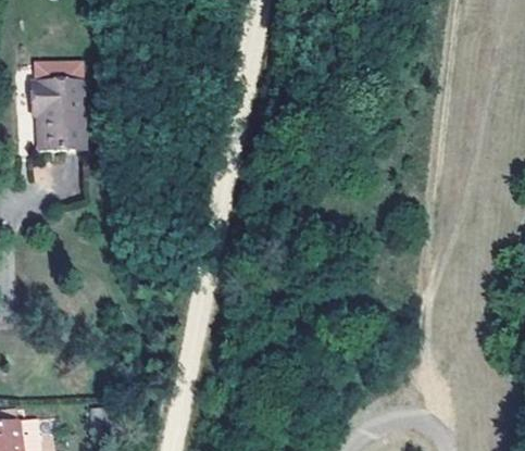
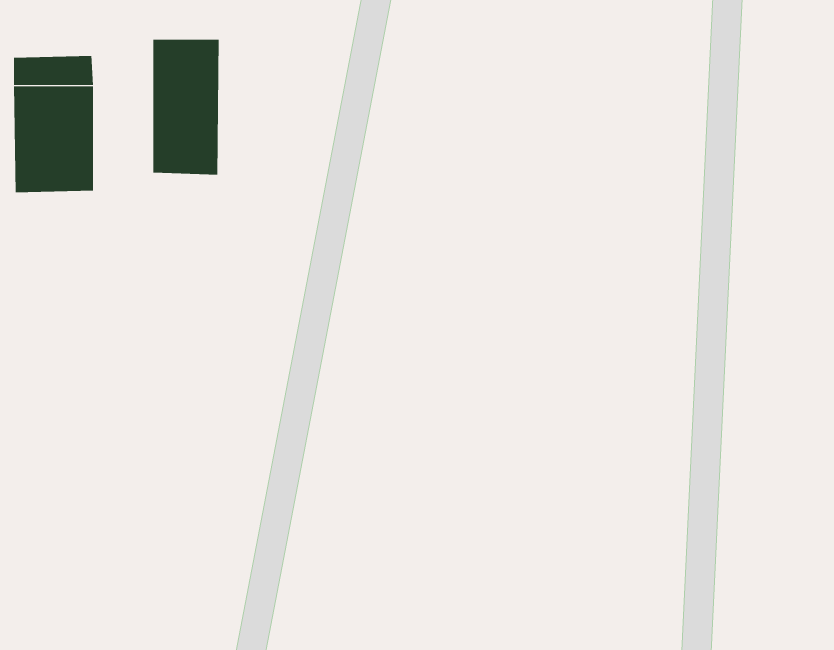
building: none -> [153,39,219,175]

